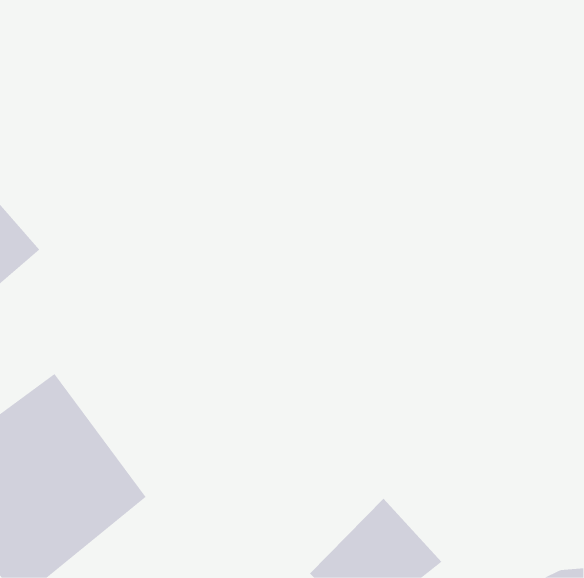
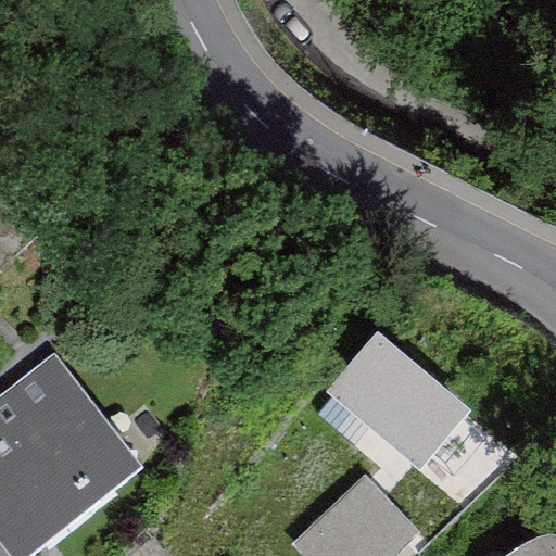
building: none -> [325,334,468,471]

